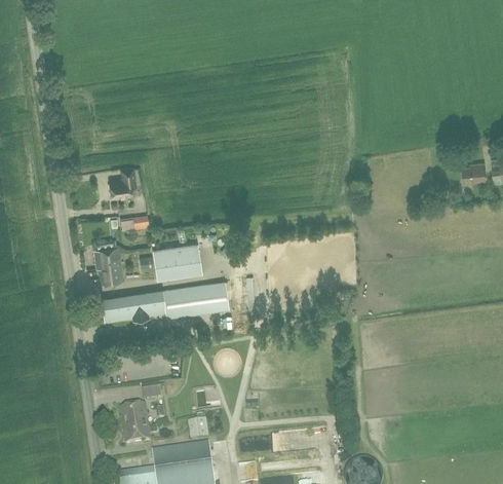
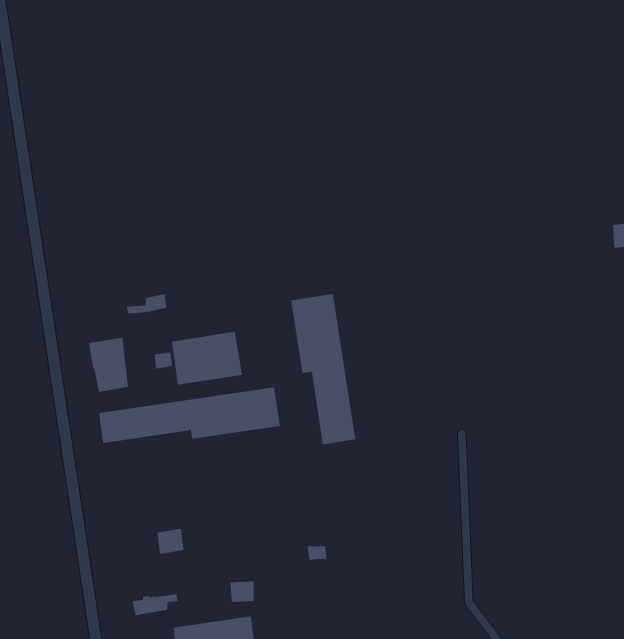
building: [109,167,136,196] -> none
building: none -> [290,293,356,445]
building: [121,403,156,432] -> none

